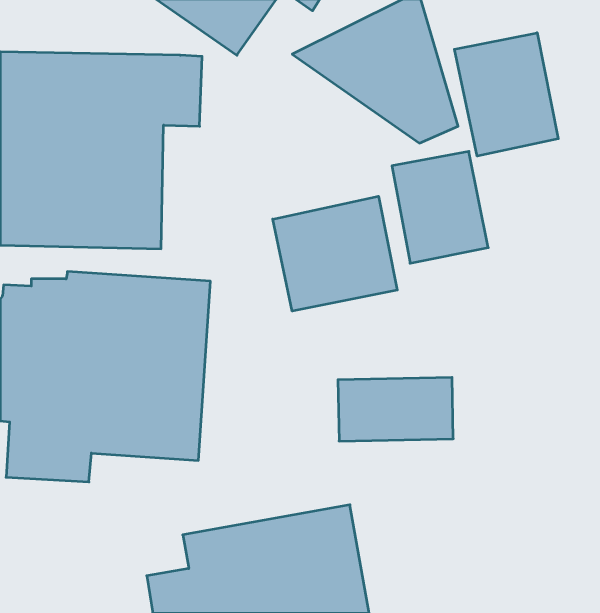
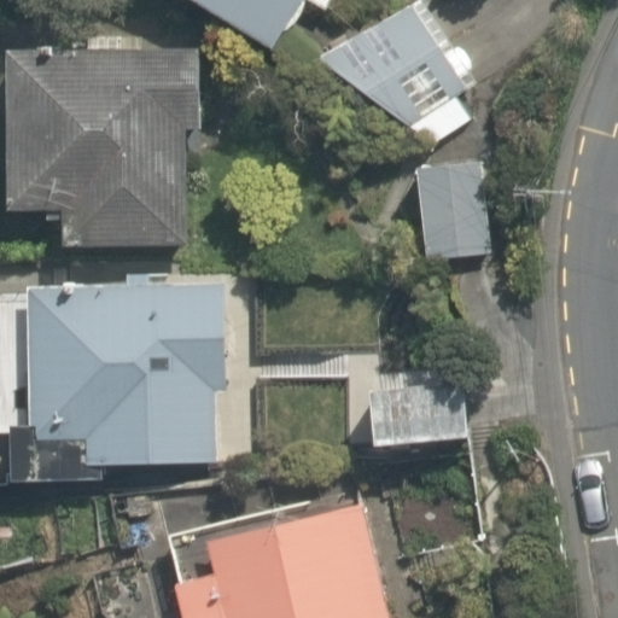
building: [454,33,558,156] -> none
building: [273,196,397,311] -> none

